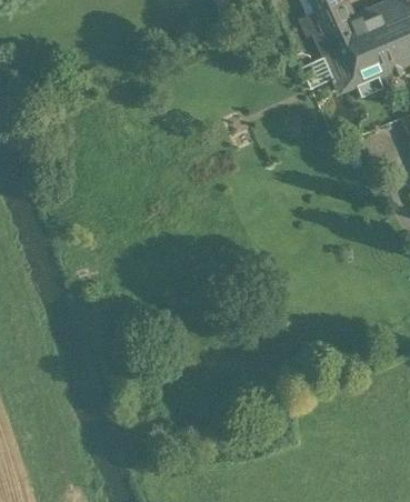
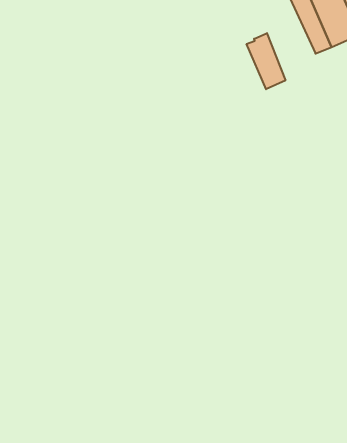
building: none -> [247,33,285,89]

